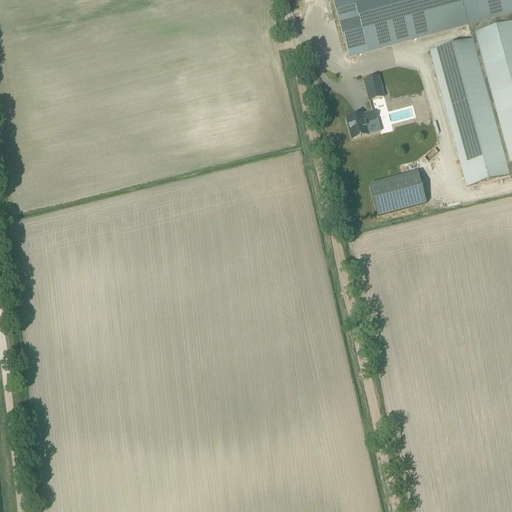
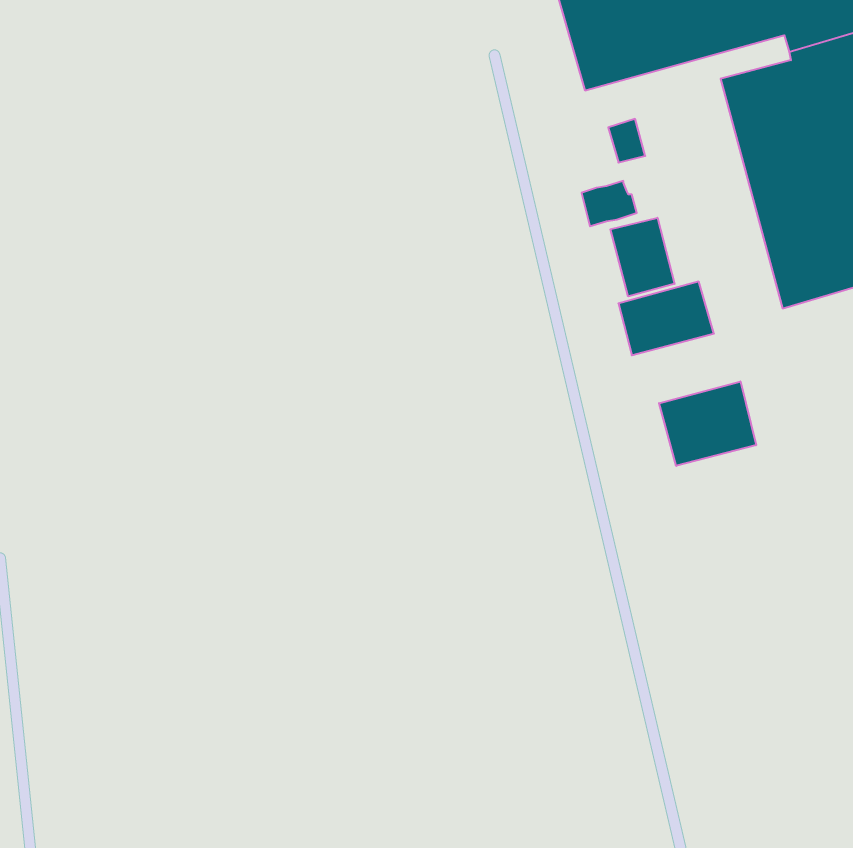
building: none -> [610,218,675,296]
building: none -> [659,381,756,466]

